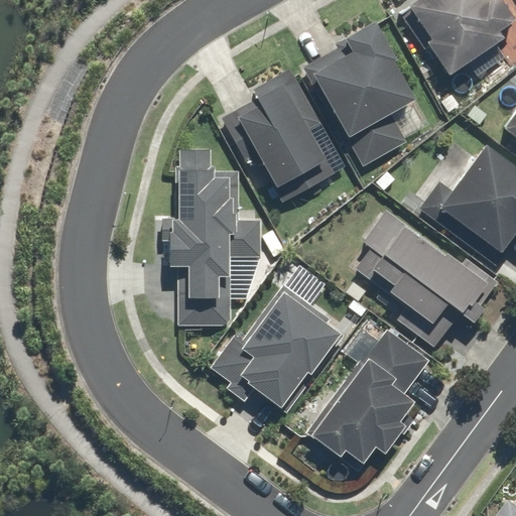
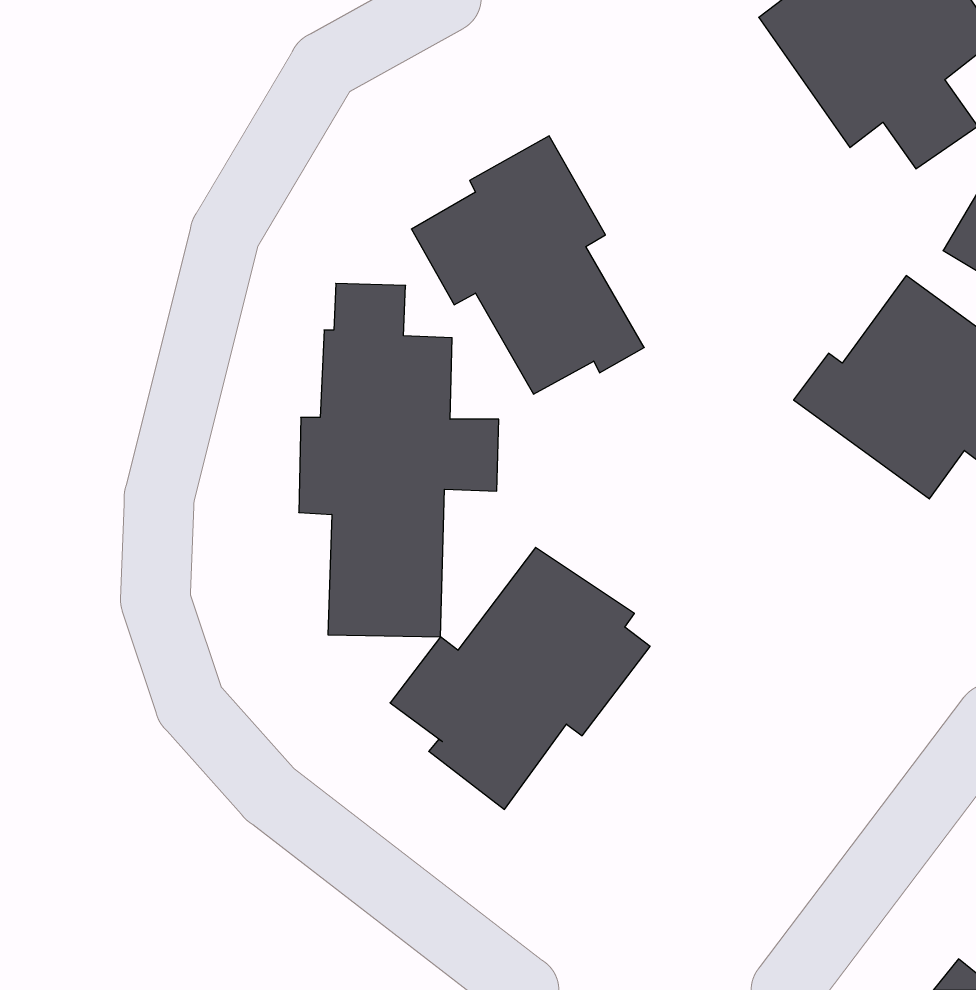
building: [306,21,433,164] -> none
building: [355,208,504,344] -> none
building: [310,327,431,469] -> none

